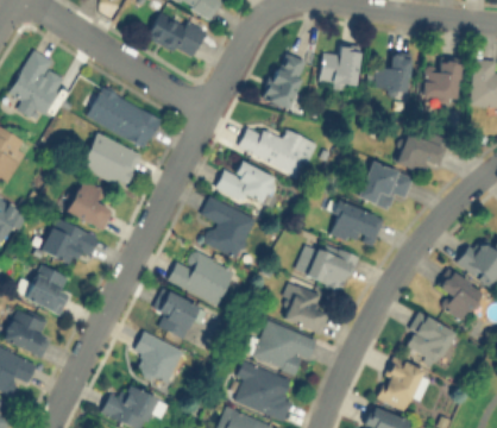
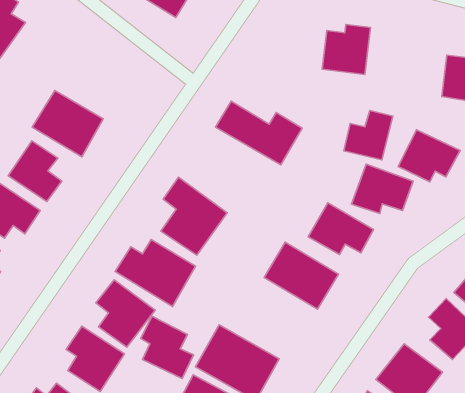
building: [264,52,307,108] -> none
building: [373,52,411,93] -> [344,111,393,160]
building: [84,86,161,151] -> none
building: [215,163,275,202] -> none
building: [282,283,328,333] -> [141,316,193,379]

